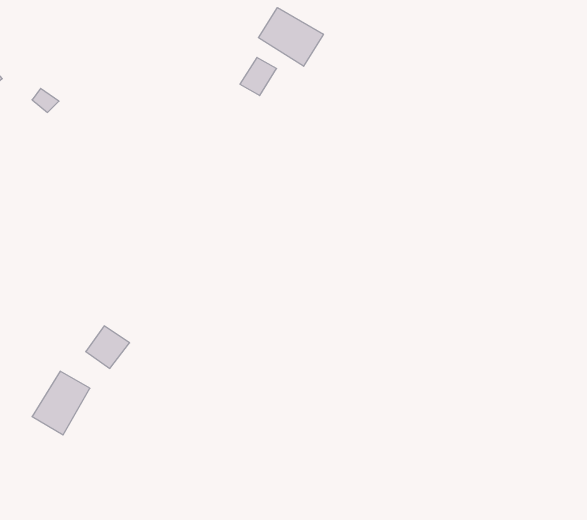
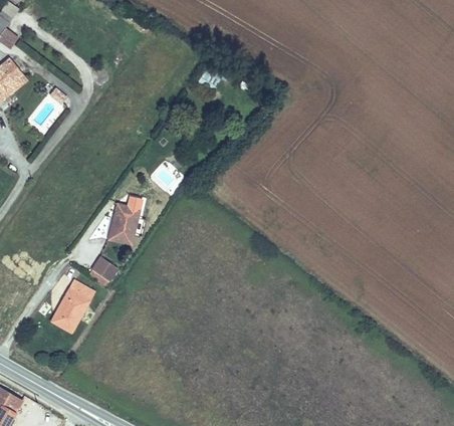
building: [258,8,323,66] -> none
building: none -> [106,201,142,245]

